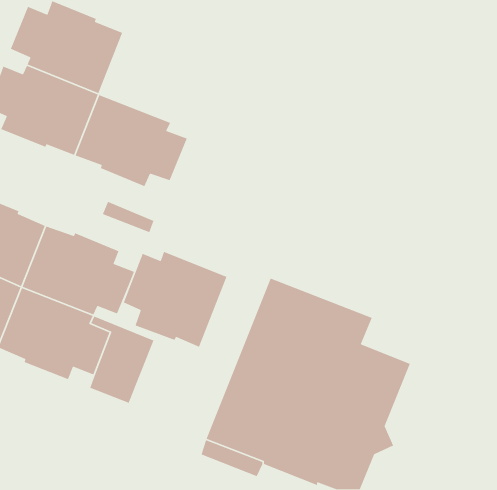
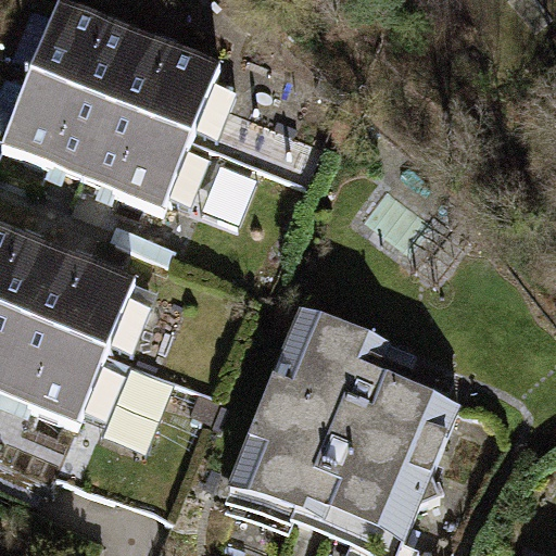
building: none -> [110,36,236,136]
building: [123,251,228,348] -> none

